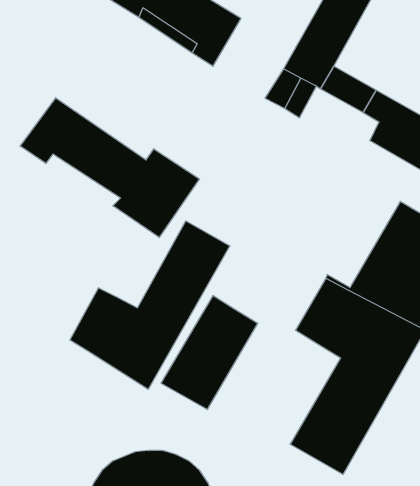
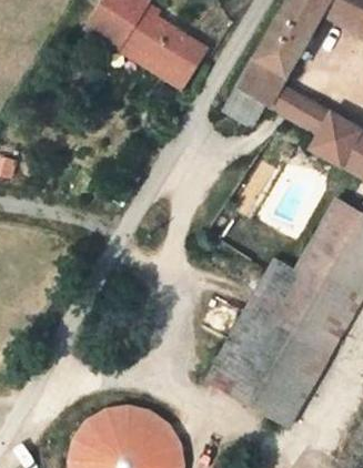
building: [20,98,200,238] -> none
building: [70,221,230,389] -> none
building: [161,296,258,410] -> [205,306,286,401]

